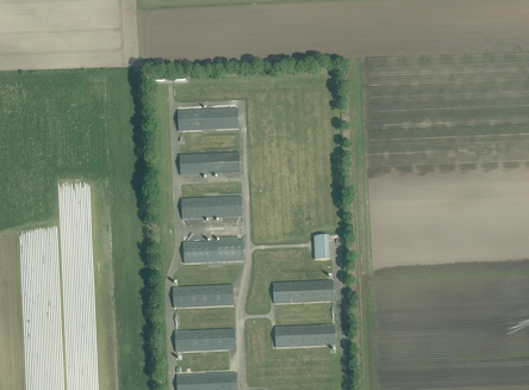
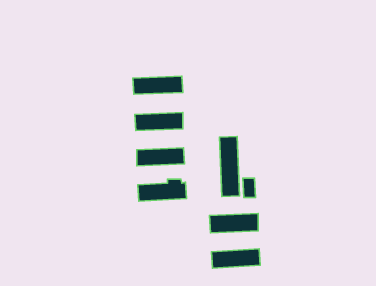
building: none -> [220,136,240,197]
building: [173,284,232,307] -> none
building: [174,328,235,351] -> none

